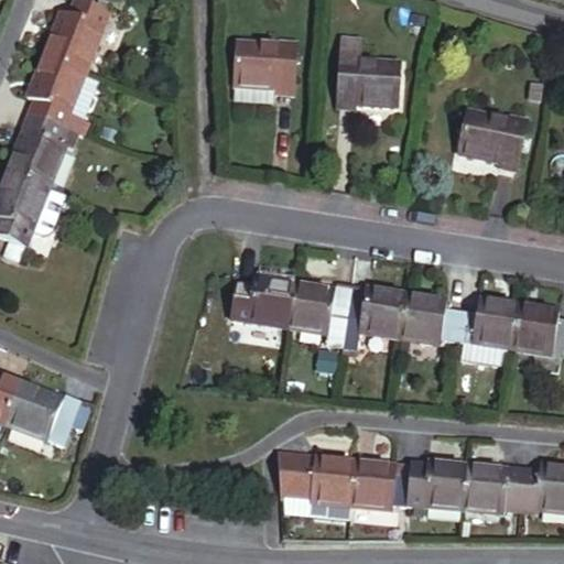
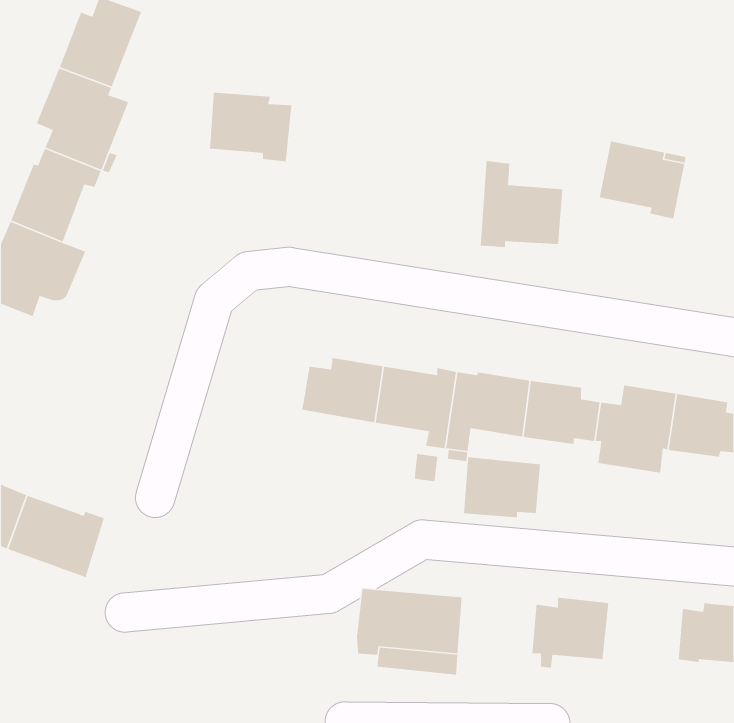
building: [336,39,400,106] -> [480,160,563,248]
building: [234,40,297,94] -> [209,92,292,162]
building: [351,458,411,506] -> [463,457,541,518]
building: [463,463,523,510] -> none

